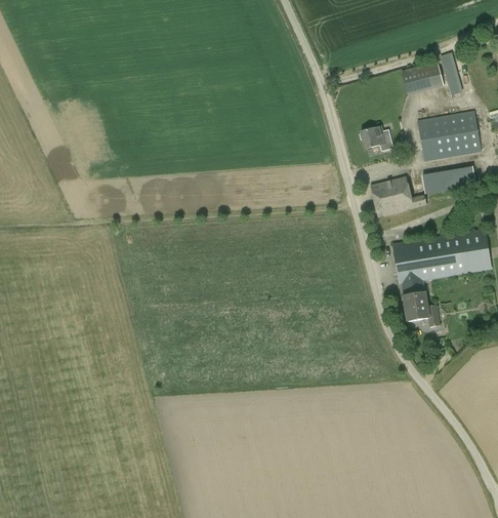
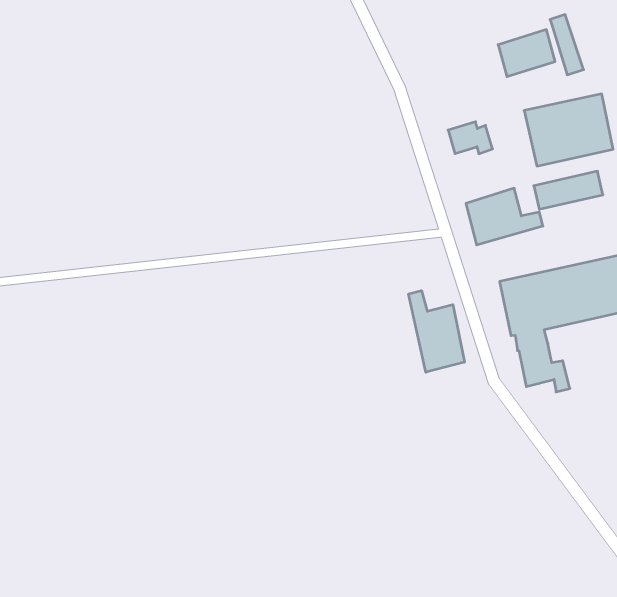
building: none -> [409,291,464,372]

